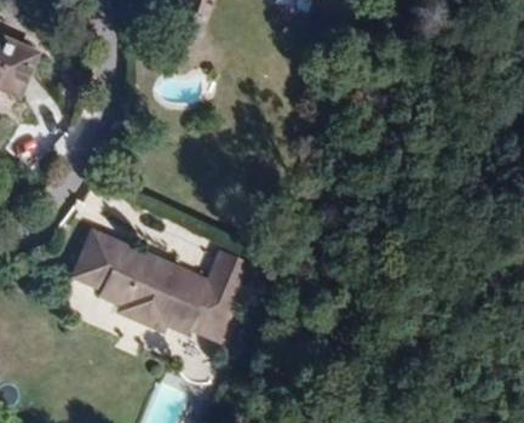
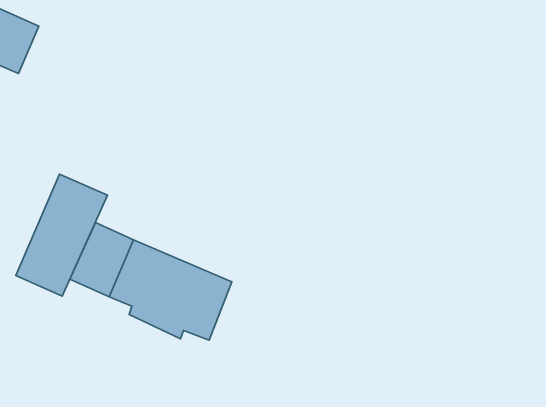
building: none -> [16,174,107,296]
building: [190,256,249,344] -> none

